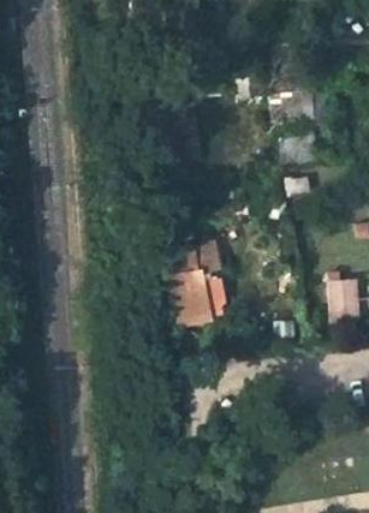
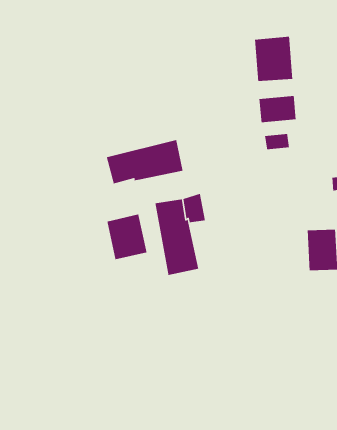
building: none -> [106,139,183,184]
building: none -> [107,214,147,260]

